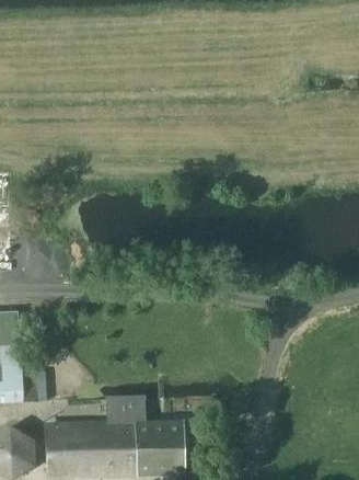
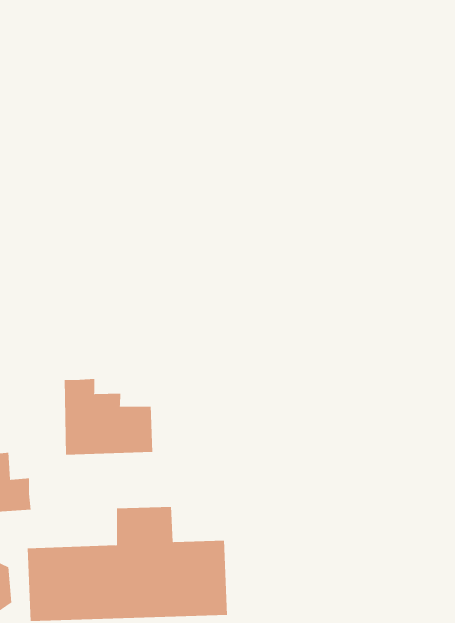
building: none -> [64,378,153,456]

